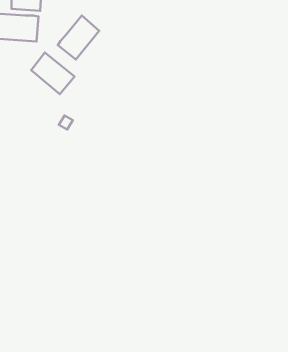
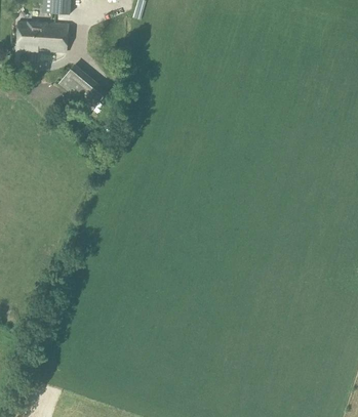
building: [58,16,99,60] -> none

